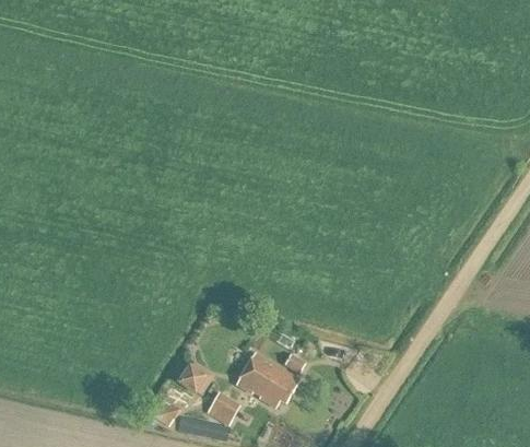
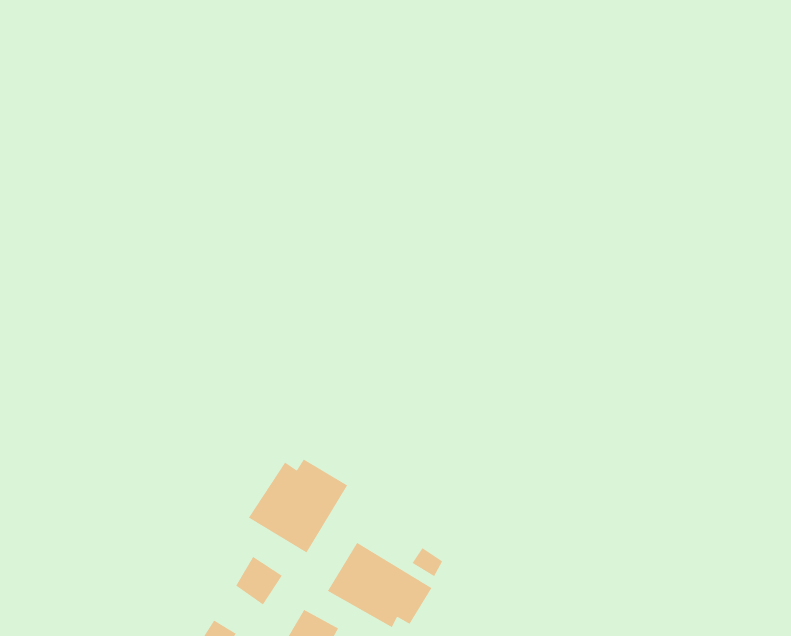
building: none -> [248,459,348,553]

